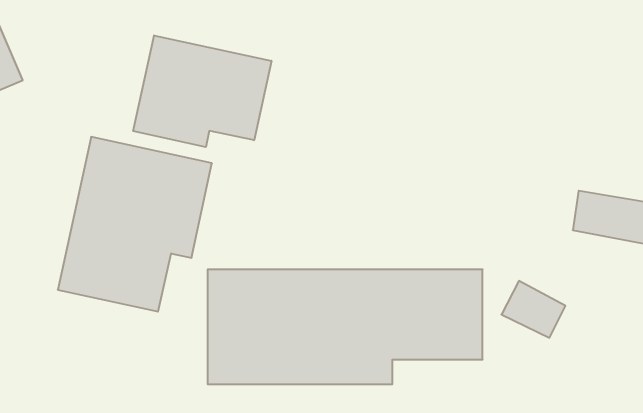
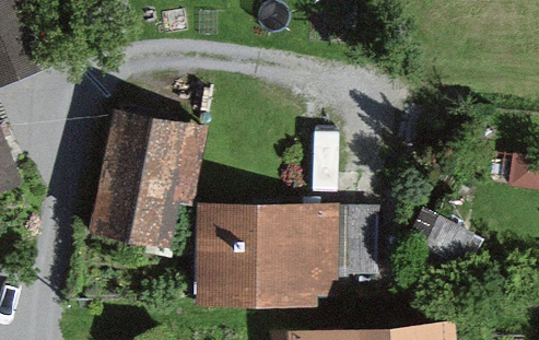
building: [133,35,271,147] -> none

